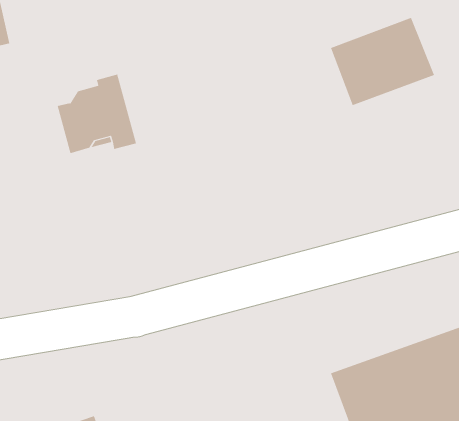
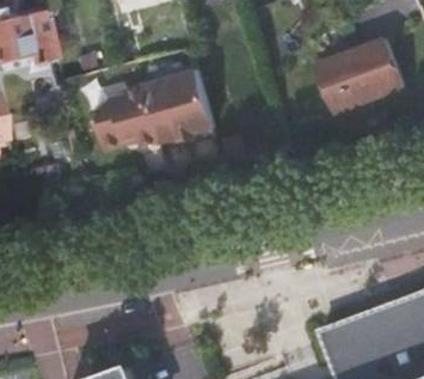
building: none -> [142,68,213,142]

